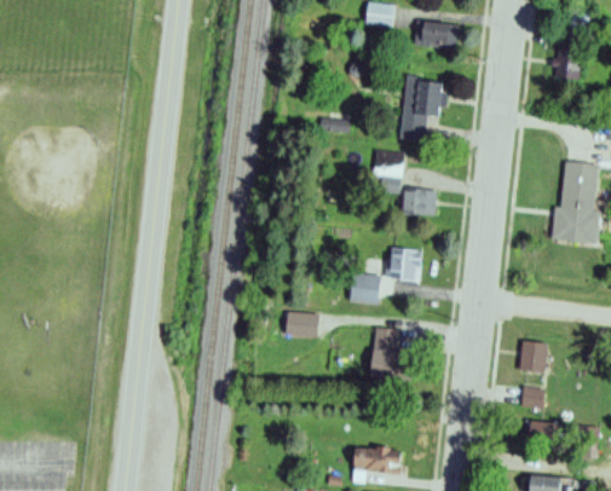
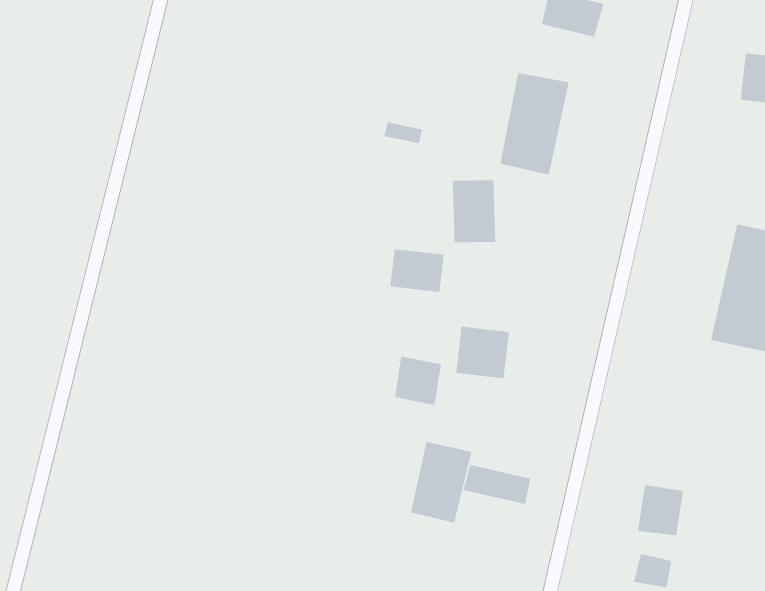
building: [402,190,436,215] -> [390,249,445,292]
building: [287,314,316,336] -> none
building: none -> [463,464,531,505]

